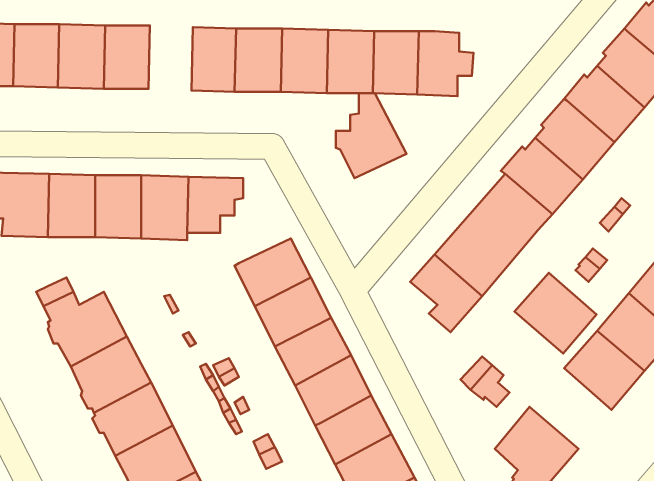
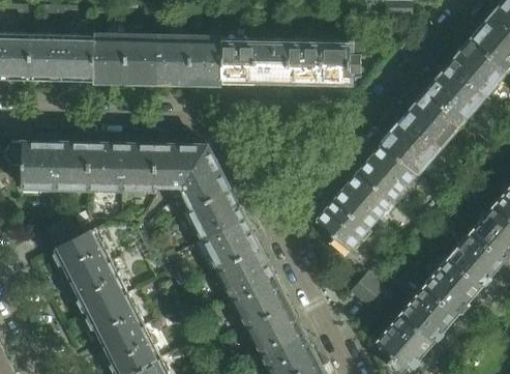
building: none -> [126,36,158,83]
building: [336,93,406,178] -> [178,146,229,207]
building: [514,273,596,353] -> [400,283,459,341]

